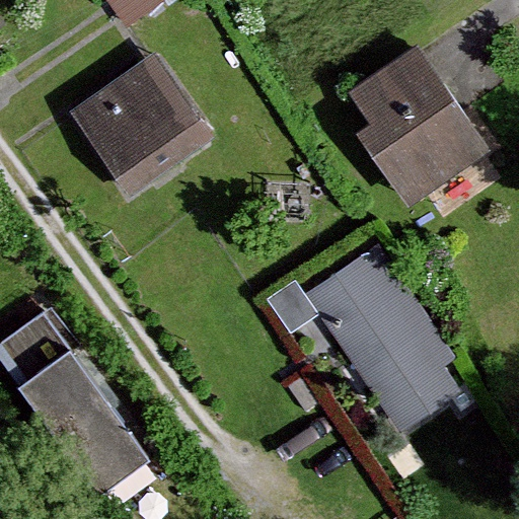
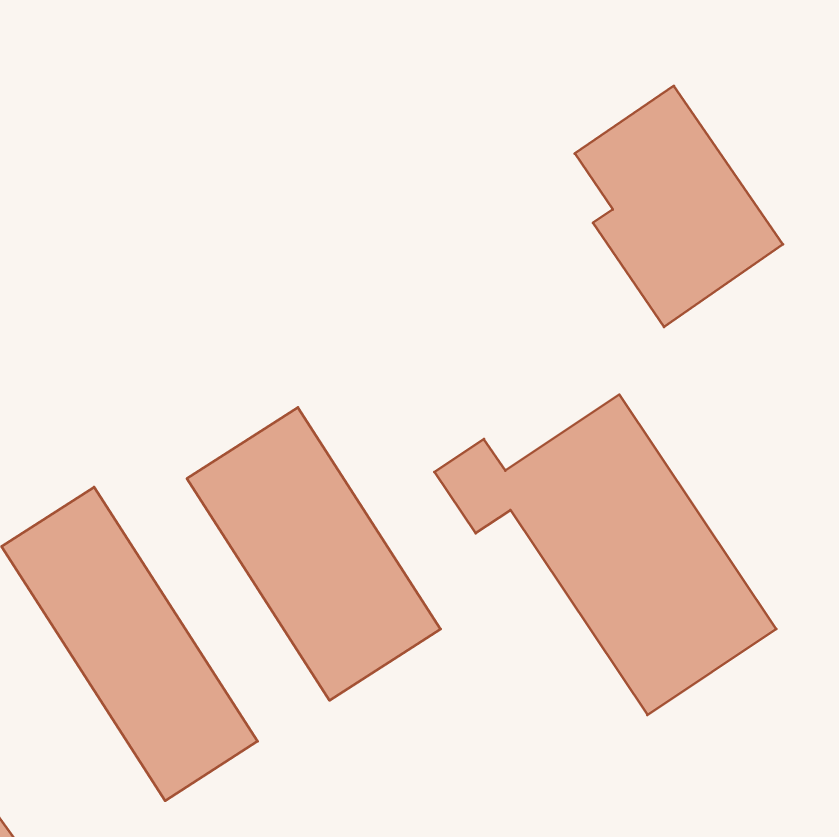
building: [68,55,205,192] -> none
building: none -> [187,407,441,700]

